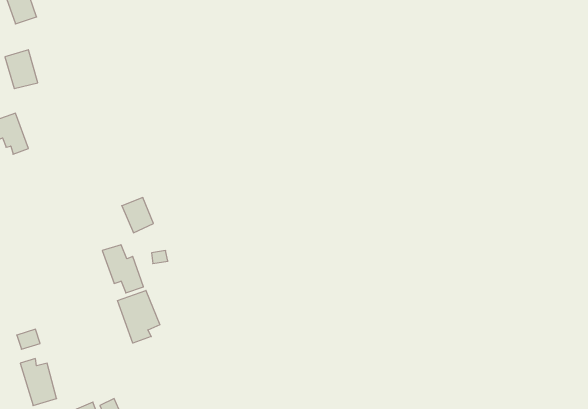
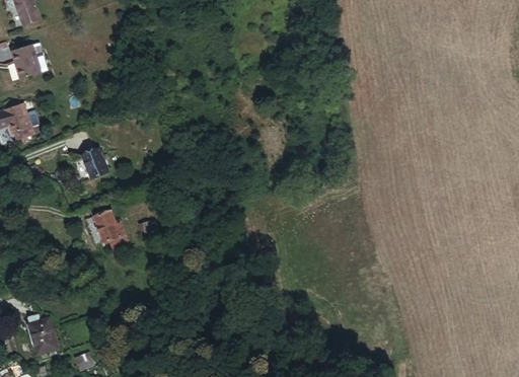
building: [122,198,153,233] -> [82,152,109,182]
building: [118,290,160,343] -> none

